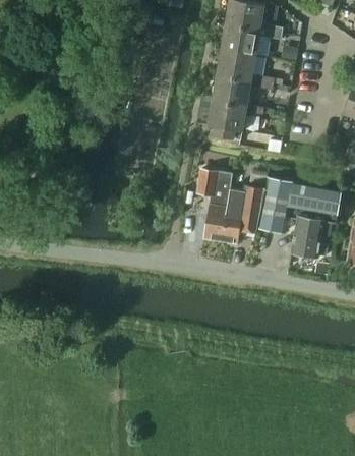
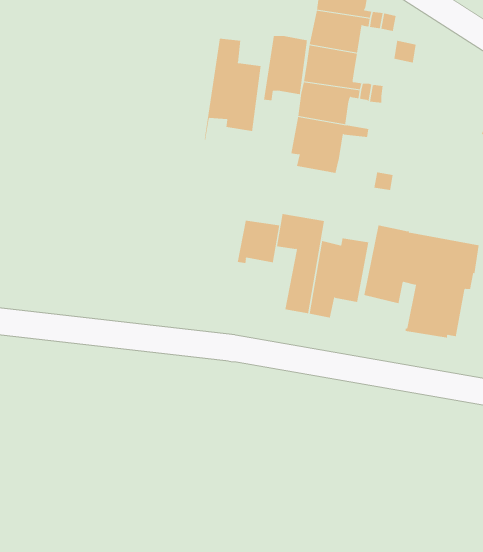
building: none -> [263,35,307,101]
building: none -> [204,38,261,140]
building: none -> [237,220,280,264]

